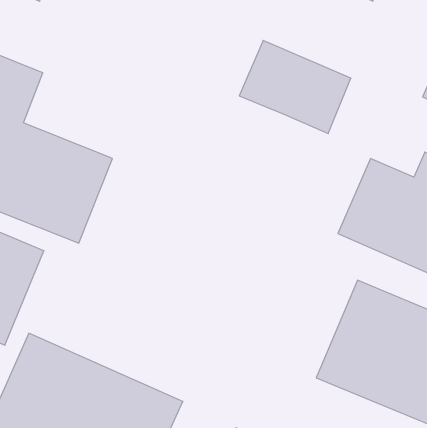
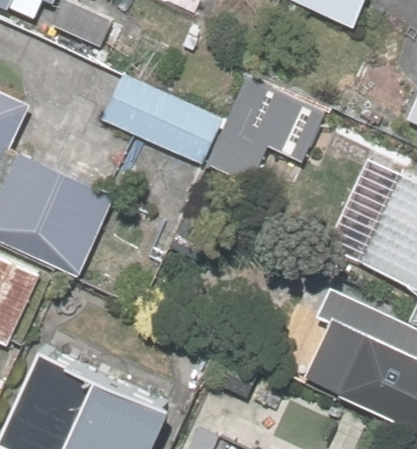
building: none -> [104,80,269,193]

